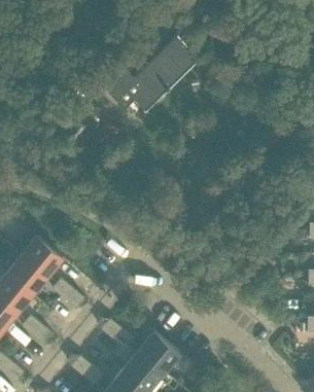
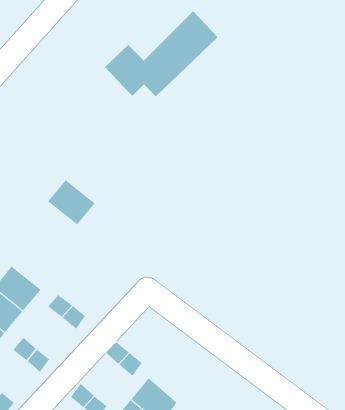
building: [22,236,63,275] -> [47,179,95,225]
building: [139,331,180,371] -> none

